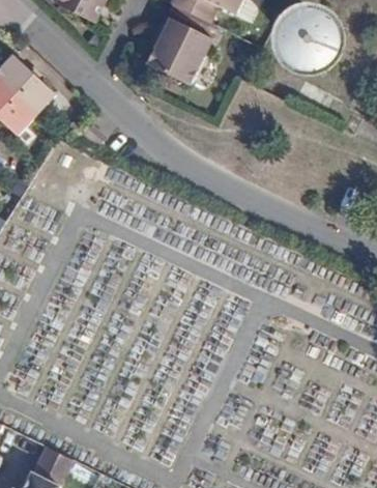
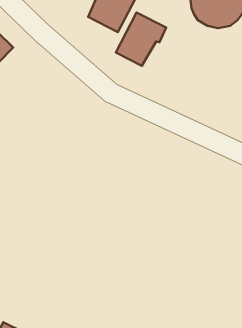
building: none -> [116,12,166,66]

